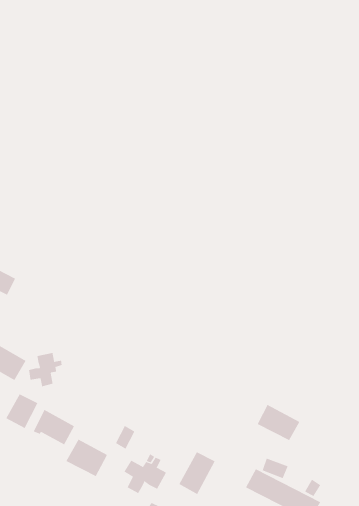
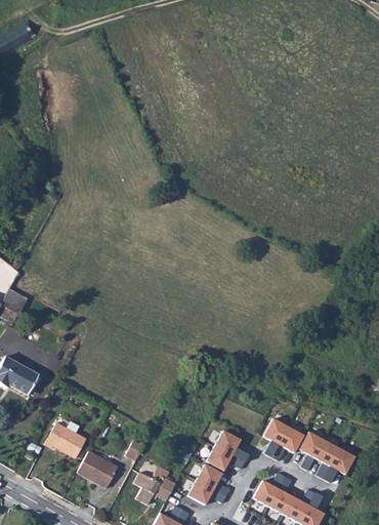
building: [28,352,62,387] -> none
building: [5,393,38,429] -> none
building: none -> [205,430,240,471]
building: none -> [298,431,354,475]

